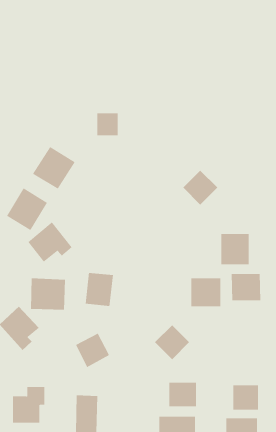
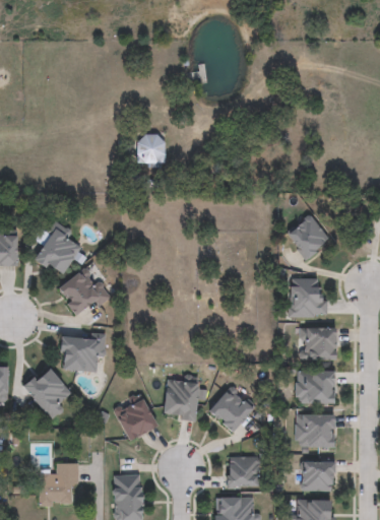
building: [32,146,76,190] -> none
building: [182,170,218,205] -> [287,215,329,258]
building: [85,272,114,306] -> [164,379,198,419]
building: [191,278,221,307] -> [298,369,334,403]
building: none -> [297,413,334,447]

